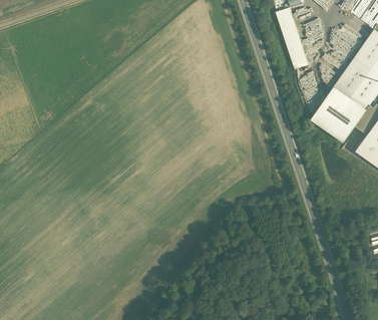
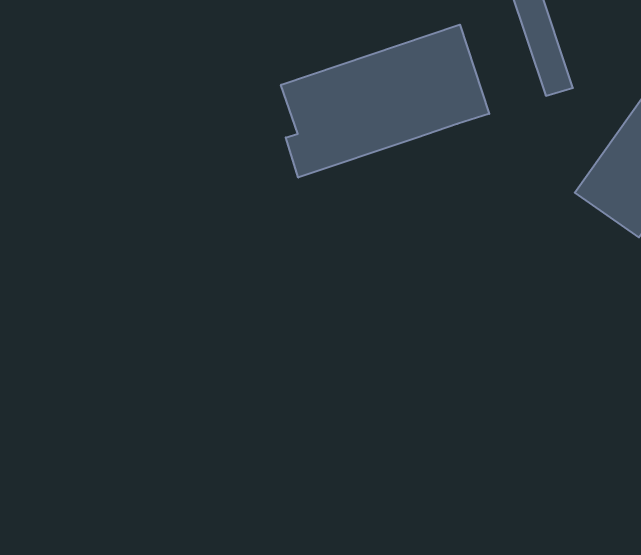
building: none -> [281,25,489,178]

